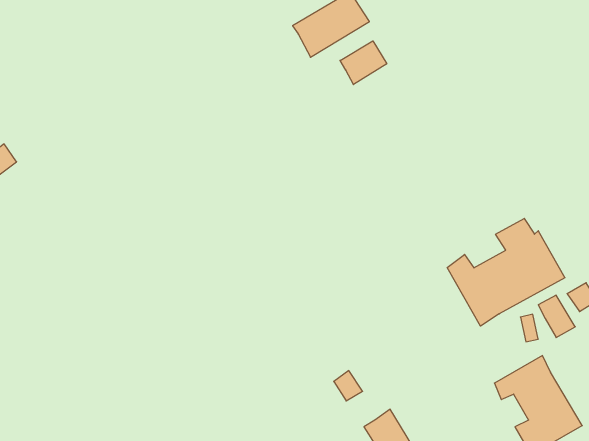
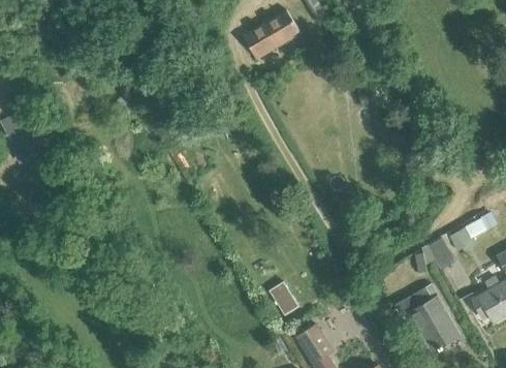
building: [340,41,387,85] -> none
building: [447,218,565,326] -> none

